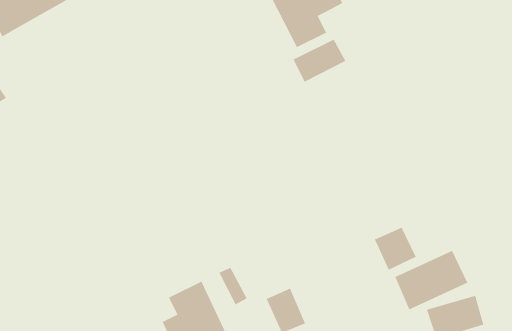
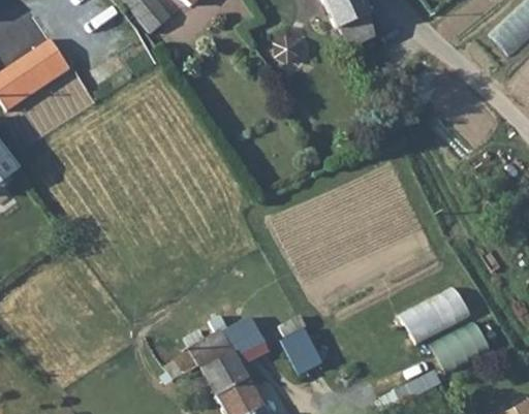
building: [293,39,346,82] -> none
building: [374,227,417,270] -> none

